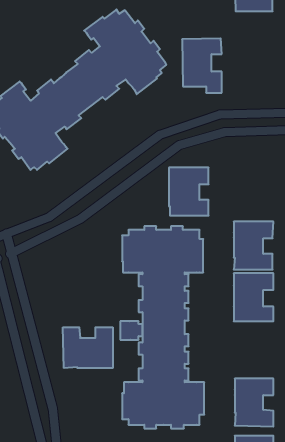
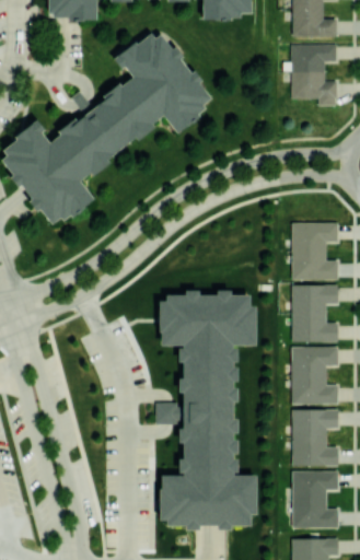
building: [182,38,222,93] -> [289,42,336,106]
building: [169,168,209,216] -> [291,222,338,279]
building: none -> [292,409,338,465]
building: [63,327,113,368] -> none

